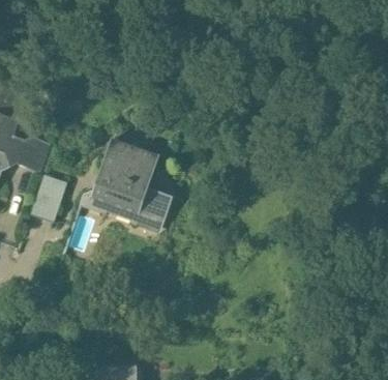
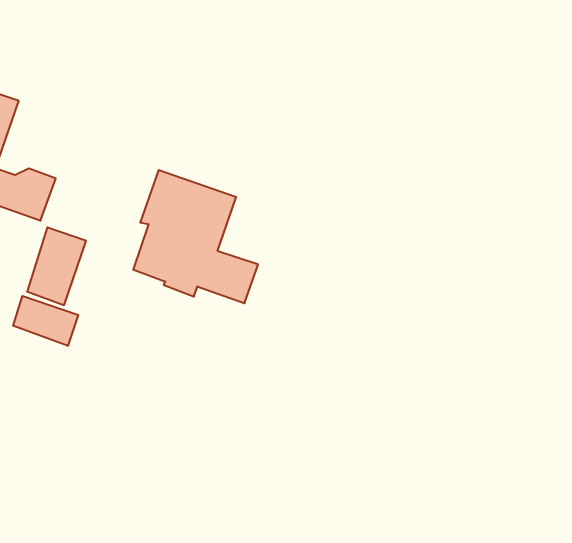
building: none -> [13,296,78,346]

